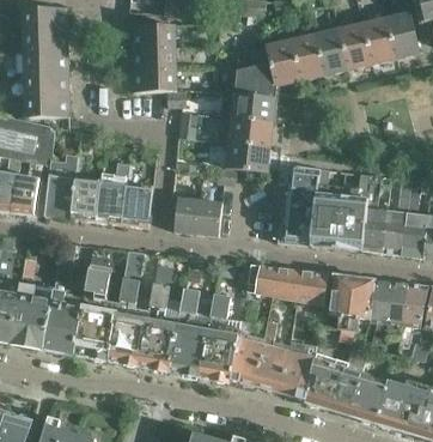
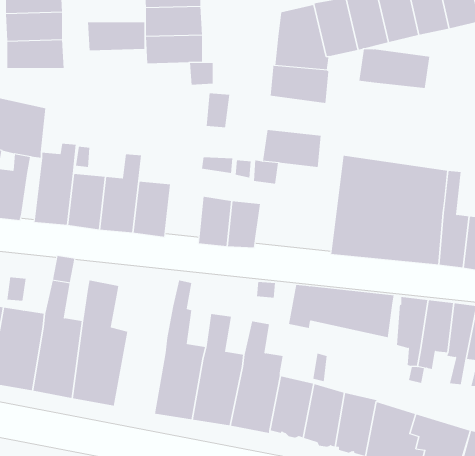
building: [23,95,68,117] -> [87,22,145,51]
building: [218,116,274,147] -> [359,49,430,89]
building: [108,250,148,367] -> none

